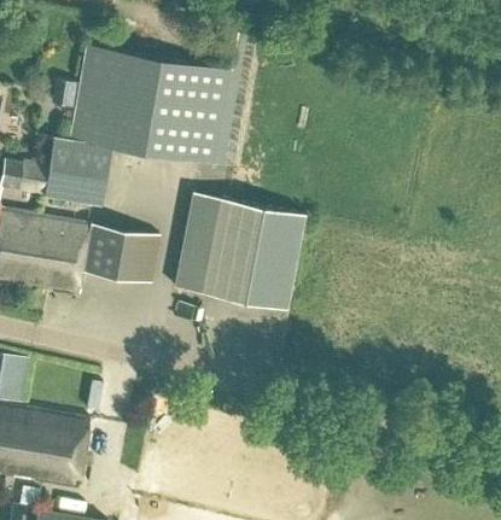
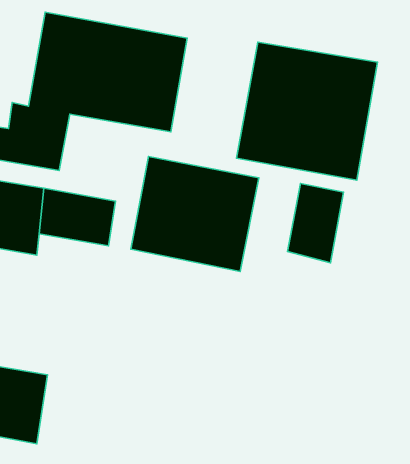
building: none -> [237,42,378,180]
building: none -> [288,183,343,263]

